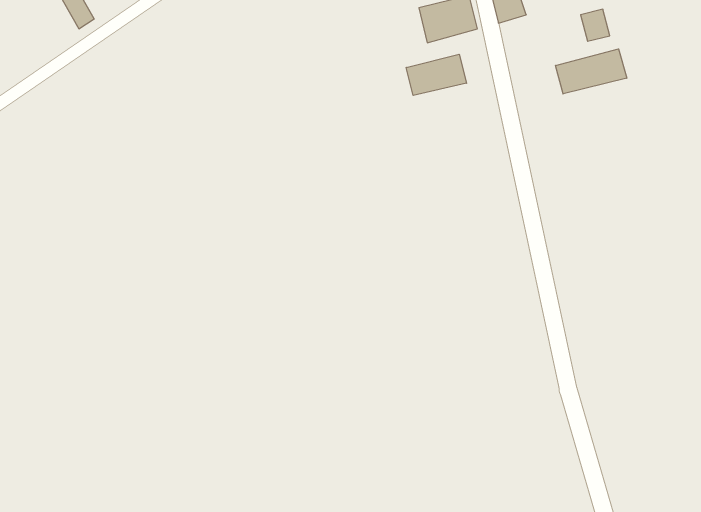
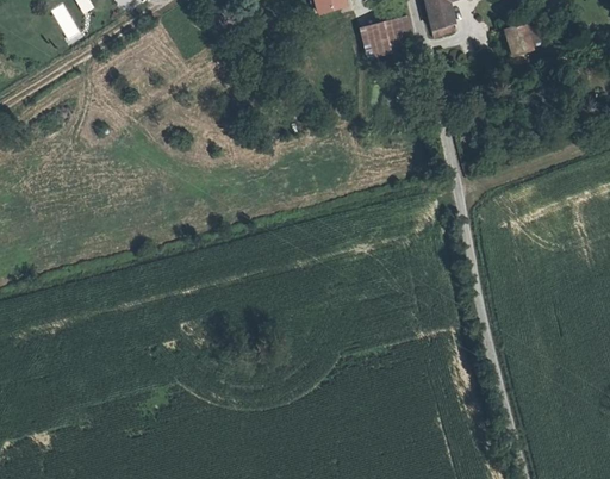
building: [556,49,627,94] -> none
building: [406,54,467,95] -> none

